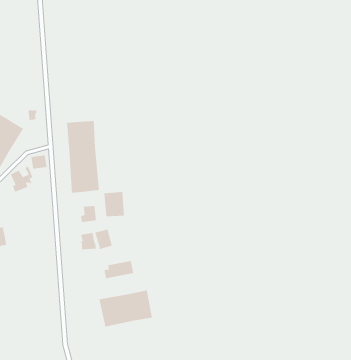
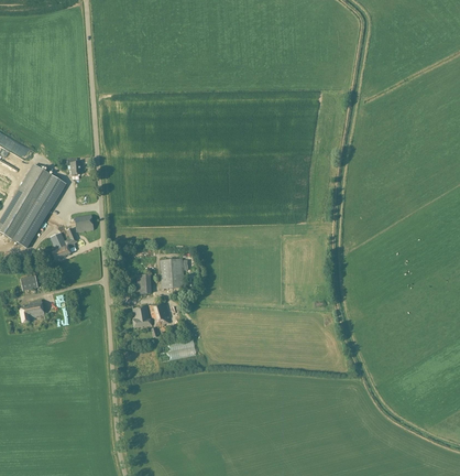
building: [66,120,100,194] -> none
building: [99,290,153,328] -> none

